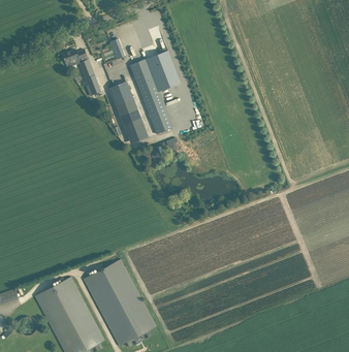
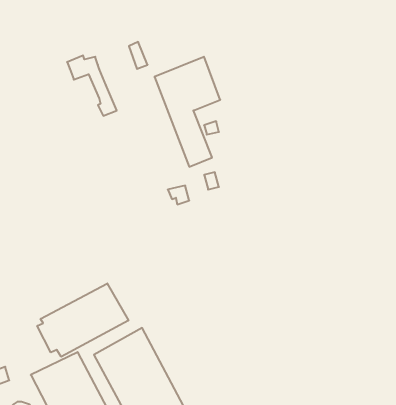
building: [108,81,148,143] -> none
building: none -> [37,283,128,357]

